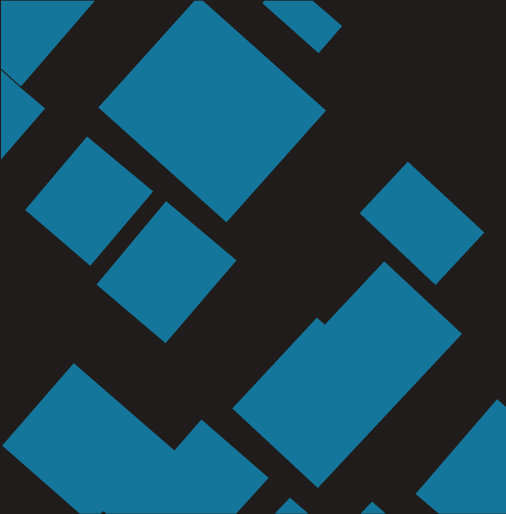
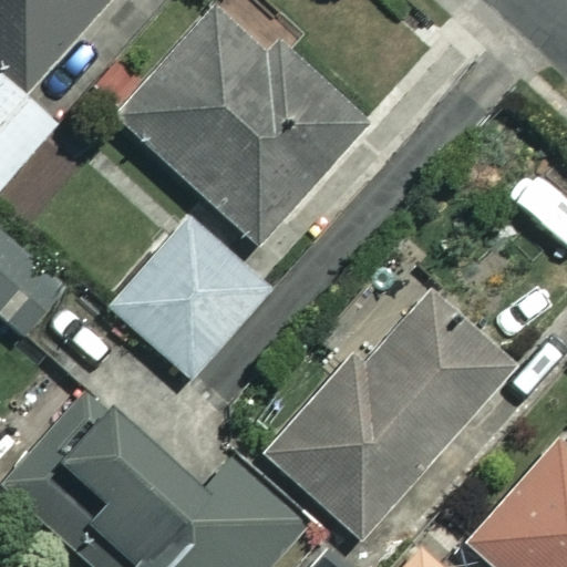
building: [24,135,154,267] -> none
building: [359,161,485,286] -> none

